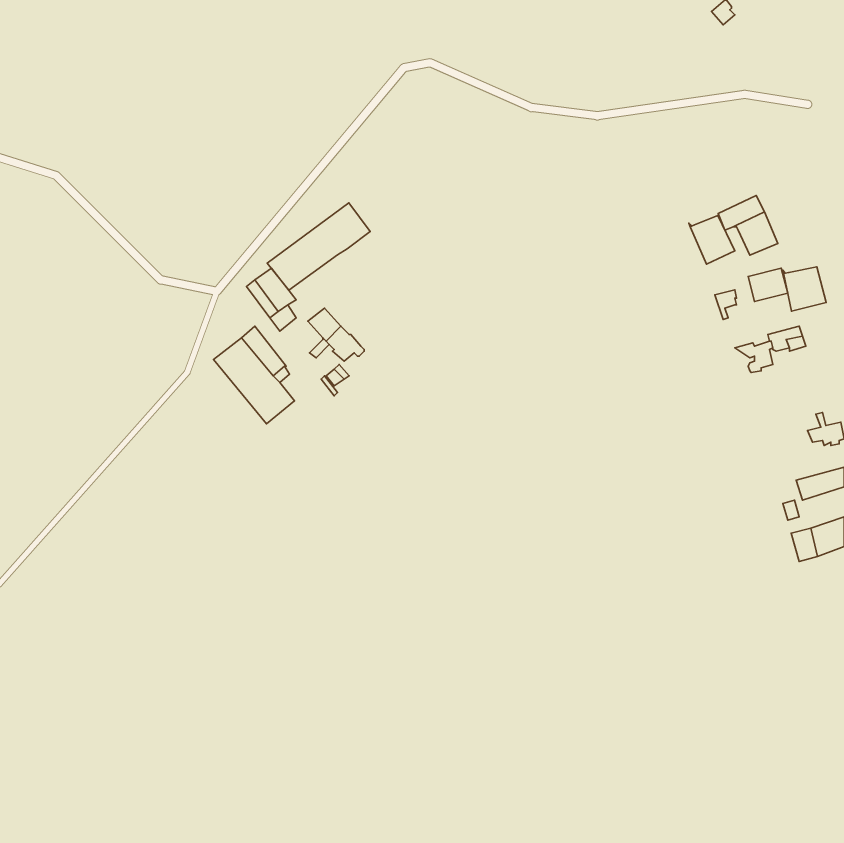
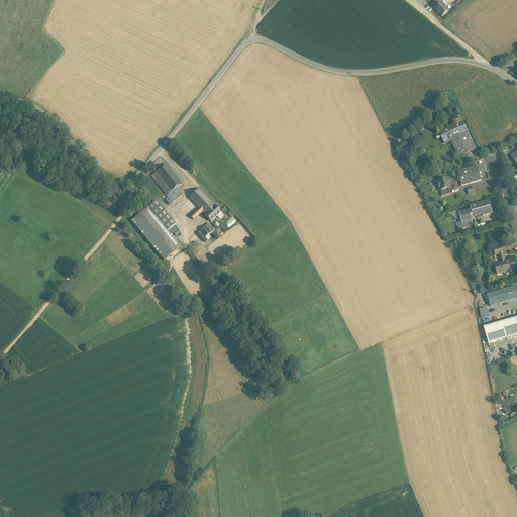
building: [267,203,370,290] -> none
building: [689,215,735,264] -> none
building: [783,267,826,311] -> none

